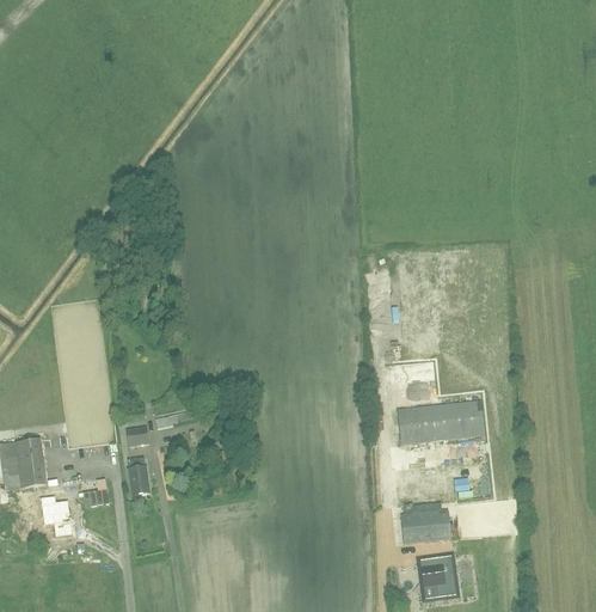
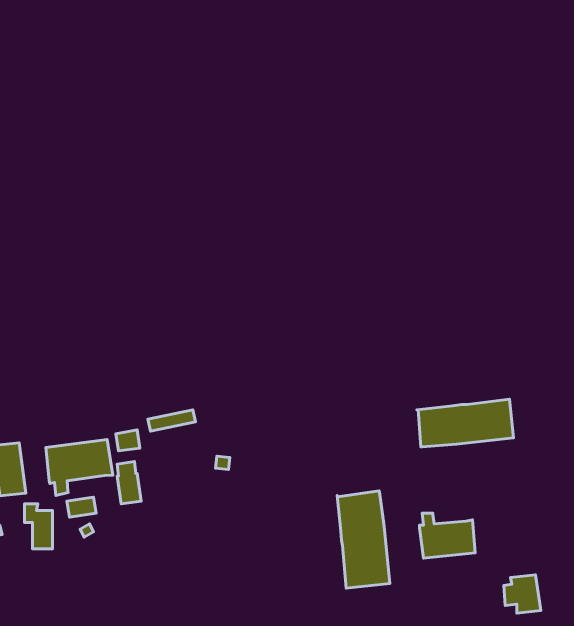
building: none -> [46,439,113,495]
building: none -> [337,491,390,588]
building: [420,558,454,593] -> [504,575,541,613]

